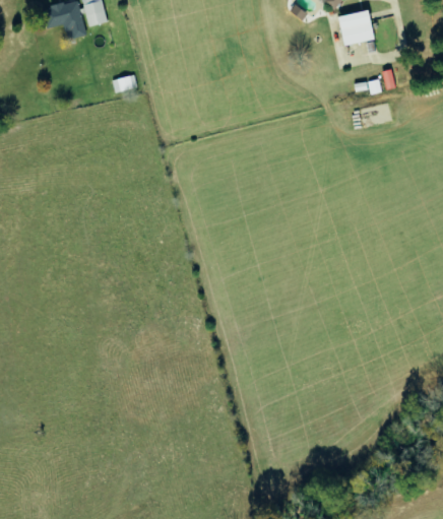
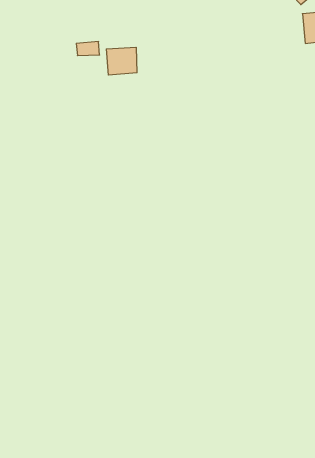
building: none -> [106,47,137,75]

